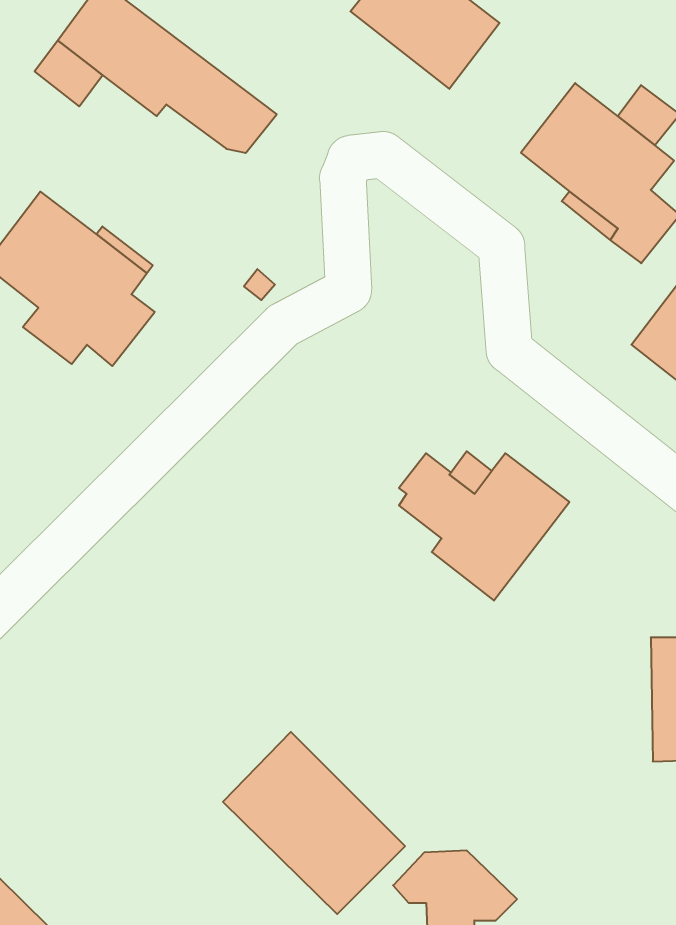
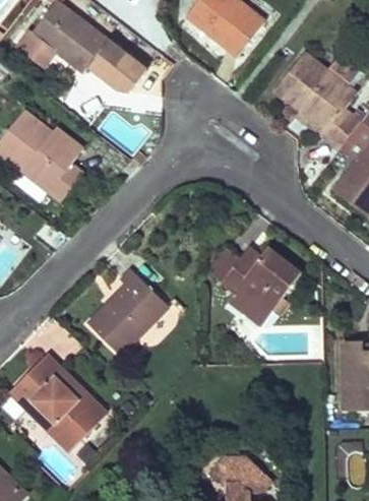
building: none -> [87,268,169,355]
building: [223,732,405,914] -> [10,355,106,450]

